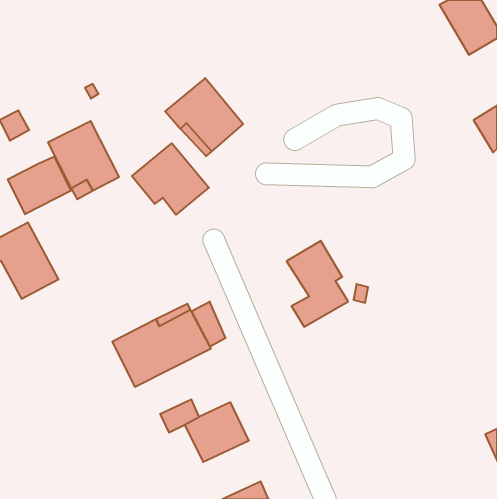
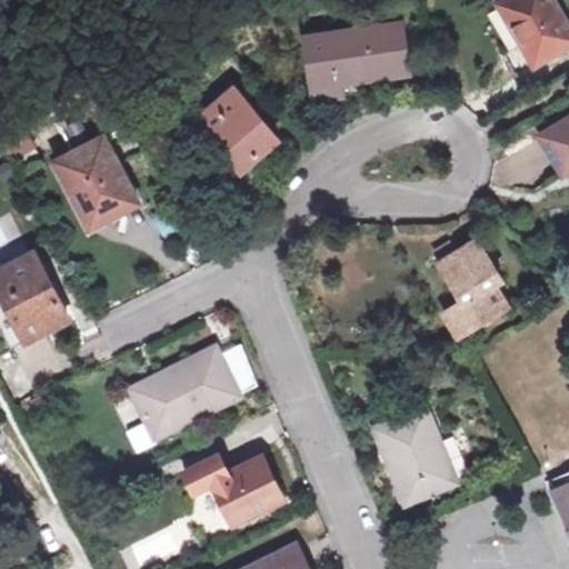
building: none -> [305,23,407,99]
building: [132,143,209,215] -> none
building: [8,156,71,214] -> none
building: [287,241,348,327] -> [437,240,507,338]
building: none -> [373,410,453,502]

